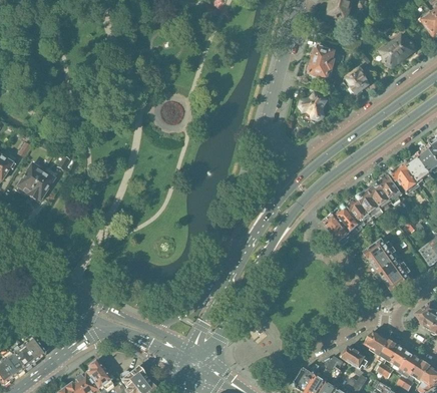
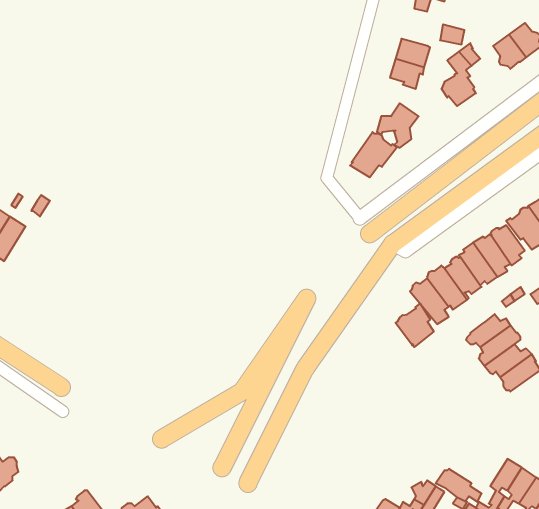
building: none -> [350,132,397,177]
building: none -> [396,303,434,347]
building: [365,331,390,362] -> none

